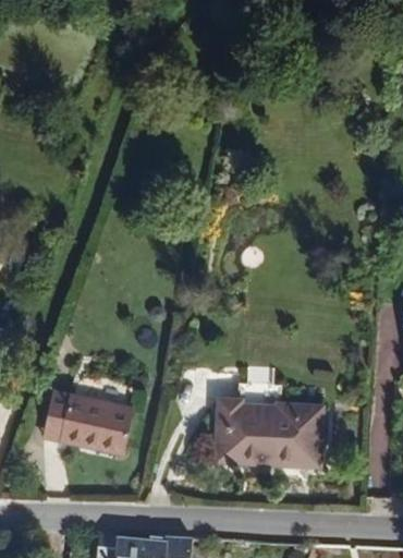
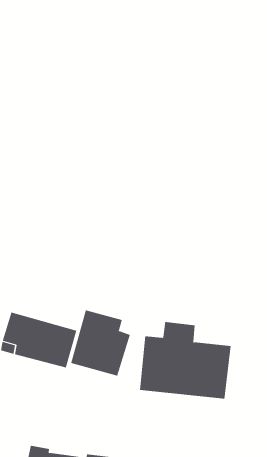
building: none -> [70,310,131,377]

